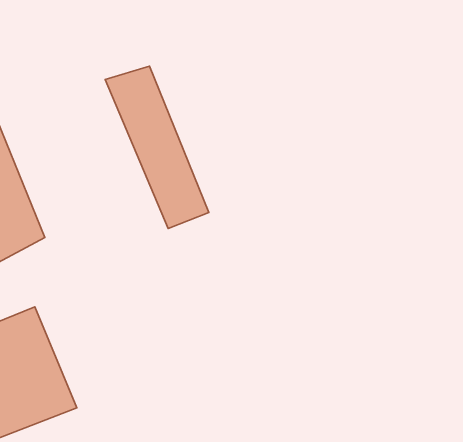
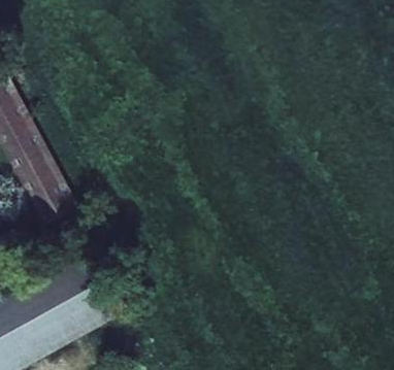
building: [105,66,209,228] -> none

